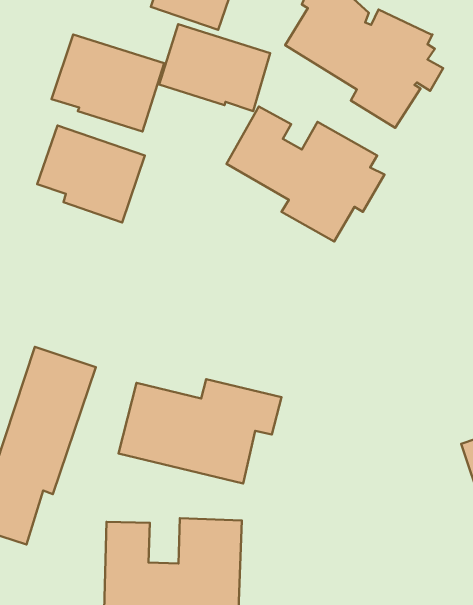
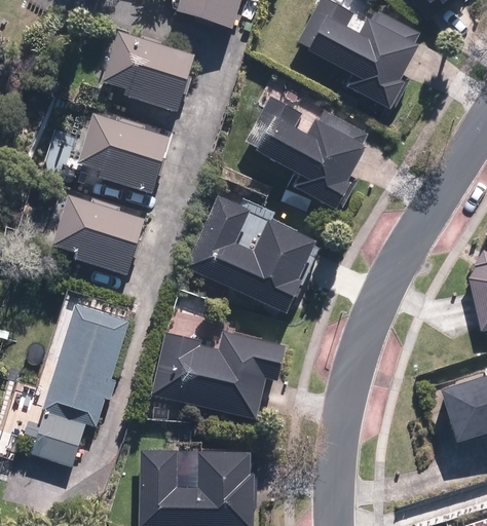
building: [159,24,270,111] -> none
building: none -> [53,189,148,275]
building: none -> [189,193,315,310]

